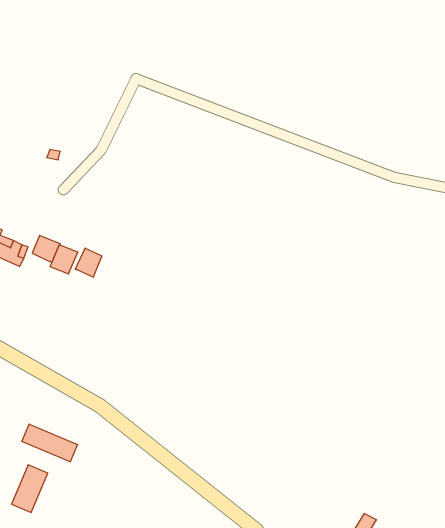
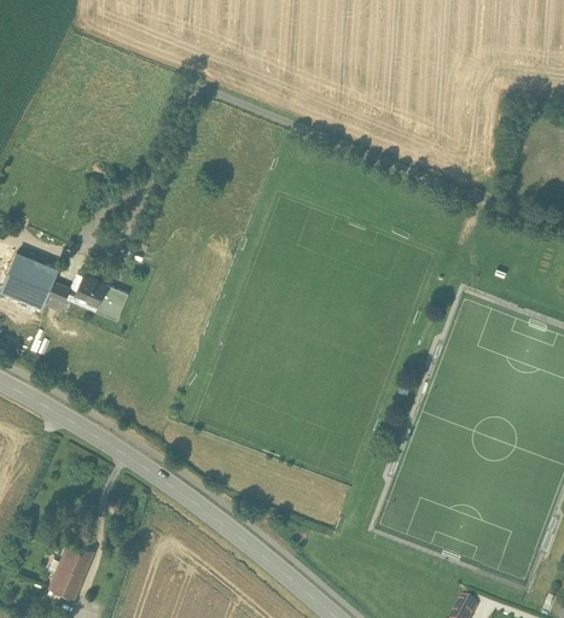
building: [75,248,102,277] -> none
building: [22,424,77,462] -> none

